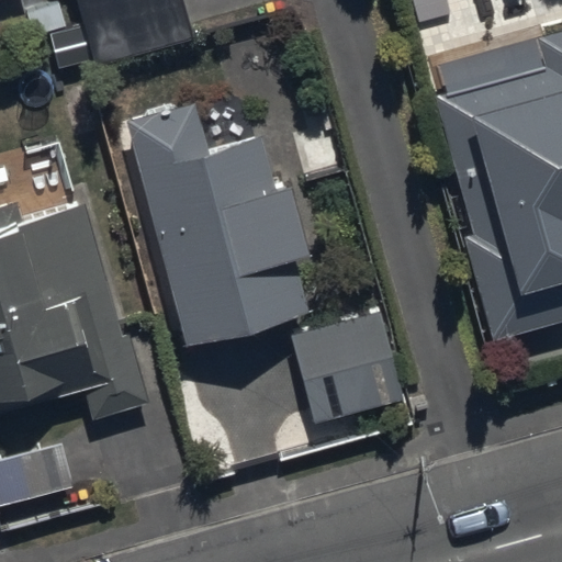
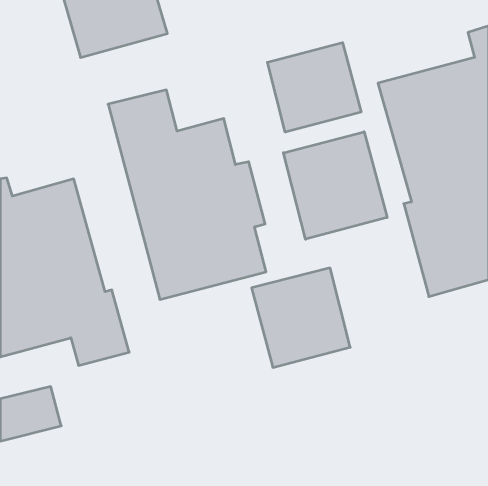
building: none -> [267,43,361,132]
building: none -> [283,132,387,239]

